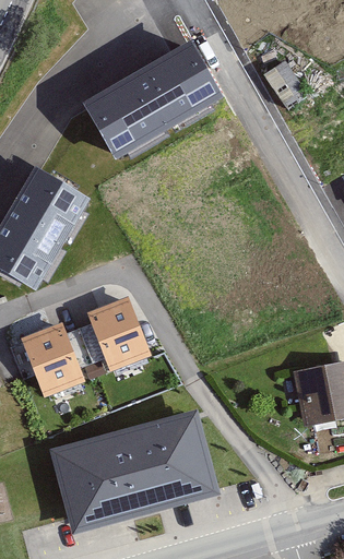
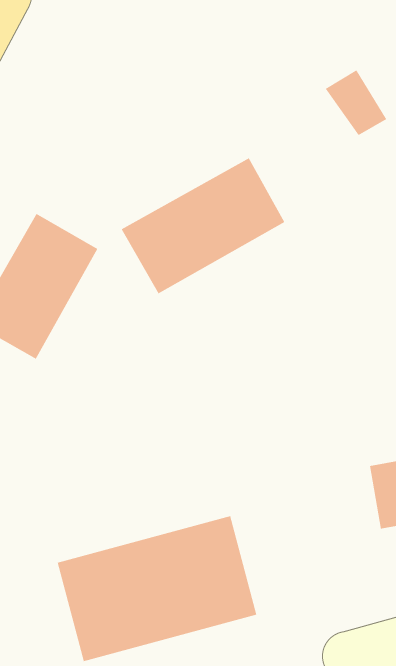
building: [85,48,215,156] -> [121,157,285,294]
building: [84,292,146,369] -> none
building: [20,324,83,395] -> none

